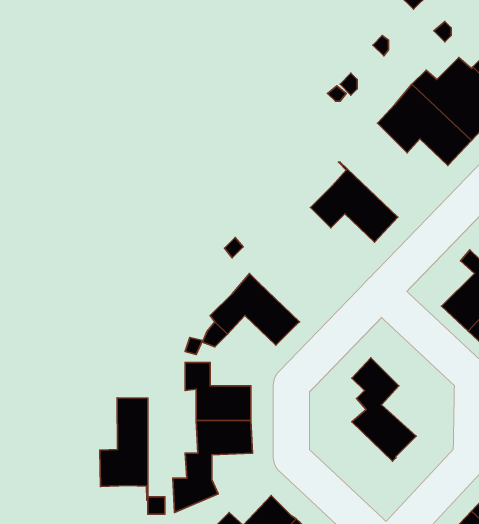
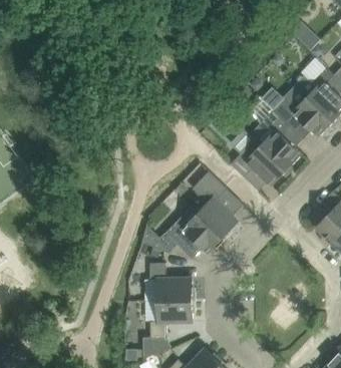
building: none -> [249,109,301,169]
building: [352,358,416,461] -> [197,170,238,237]
building: [100,398,148,500] -> none

